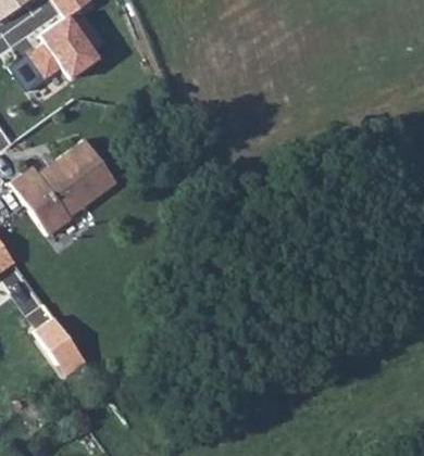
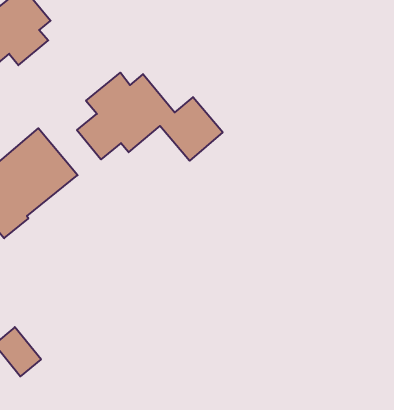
building: none -> [77,73,223,161]

